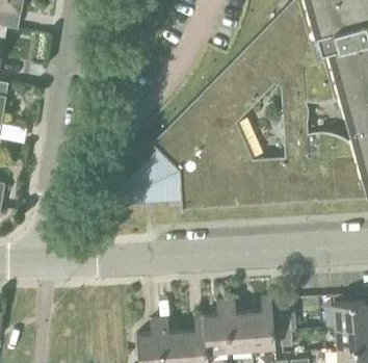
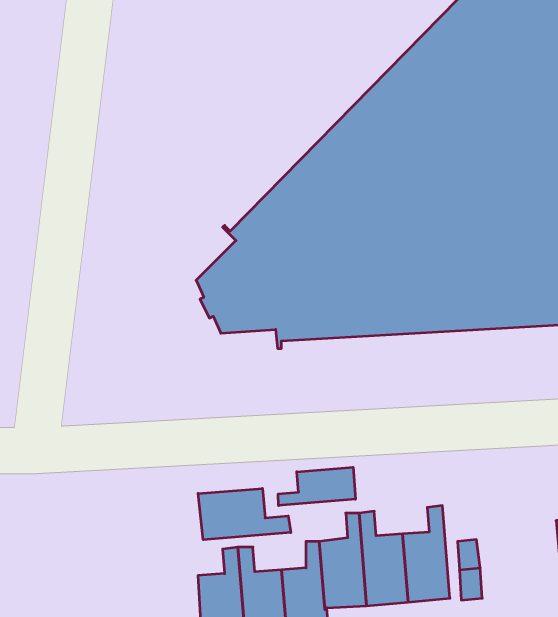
building: none -> [278,467,355,506]
building: none -> [198,488,291,540]

